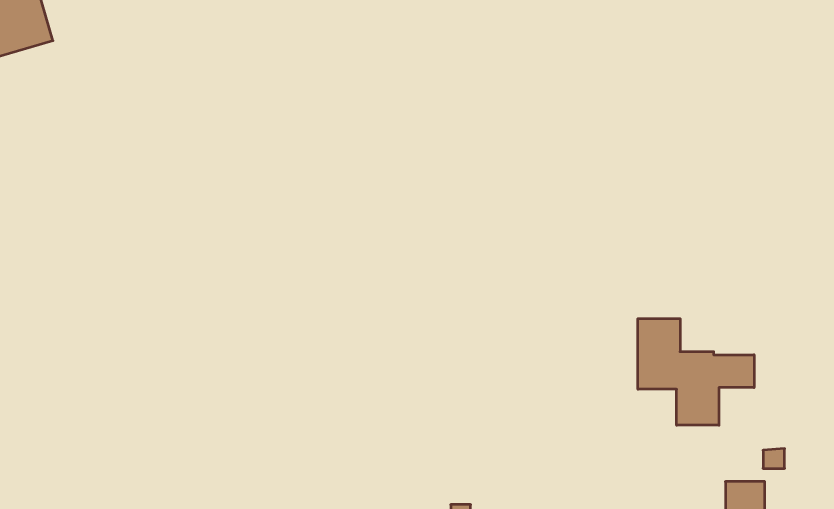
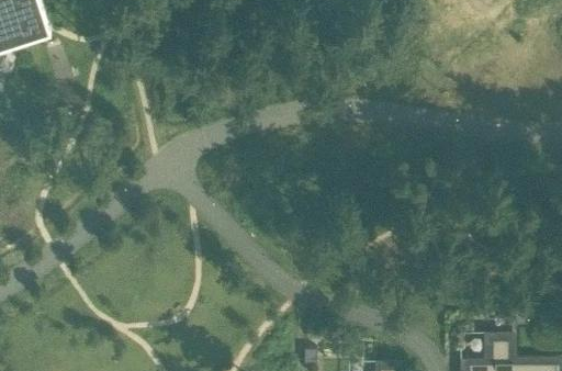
building: [638,319,754,425] -> none

